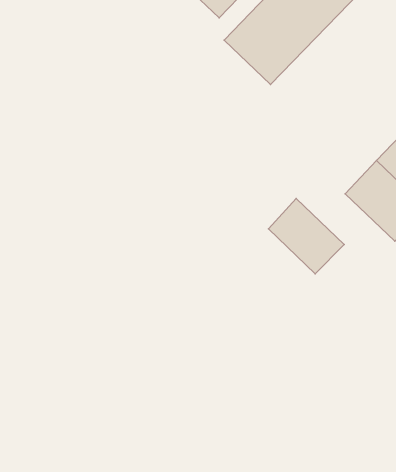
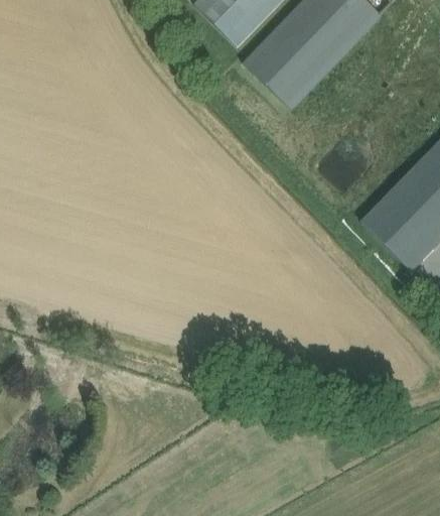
building: [268,199,344,274] -> none

